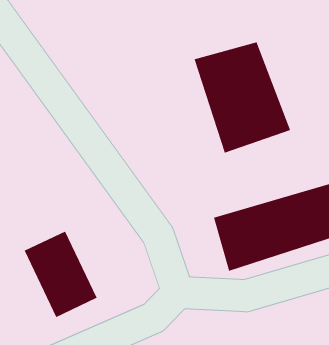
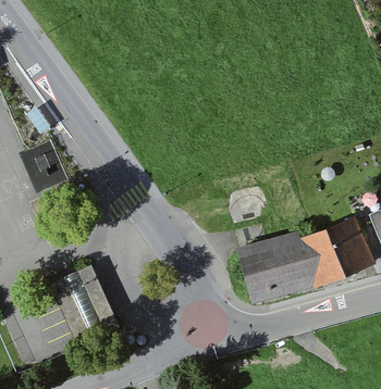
building: [194,42,291,153] -> none

